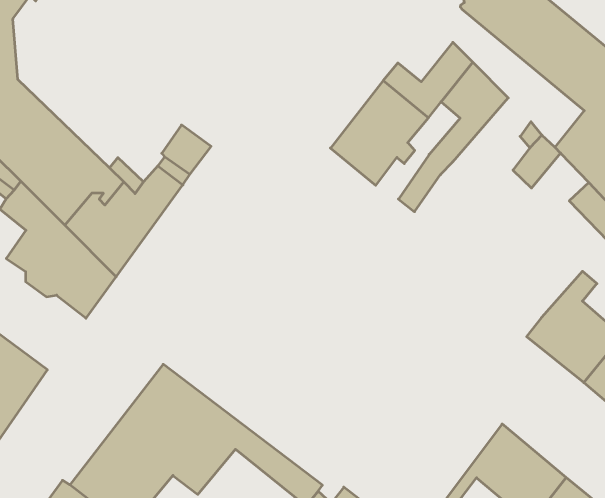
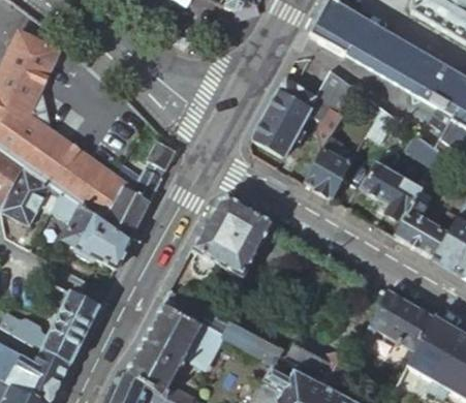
building: none -> [304,134,350,199]
building: none -> [362,163,425,222]
building: none -> [192,199,272,279]

